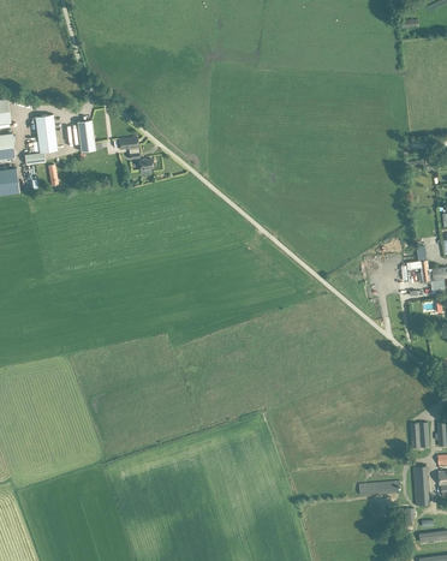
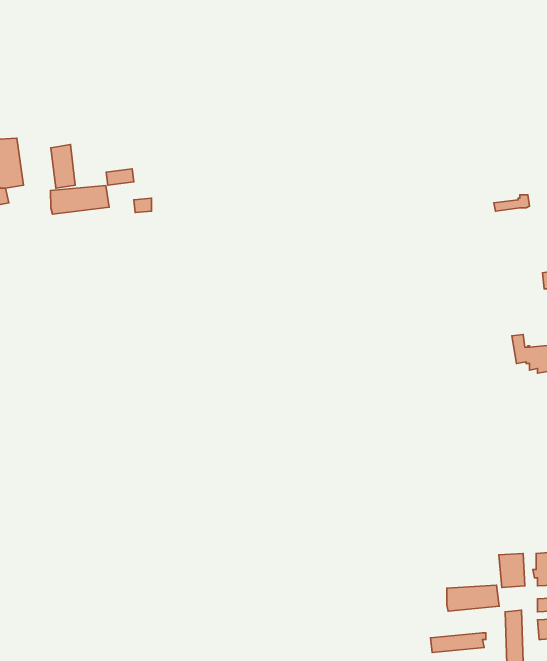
building: none -> [51,186,109,214]
building: none -> [447,585,499,611]

